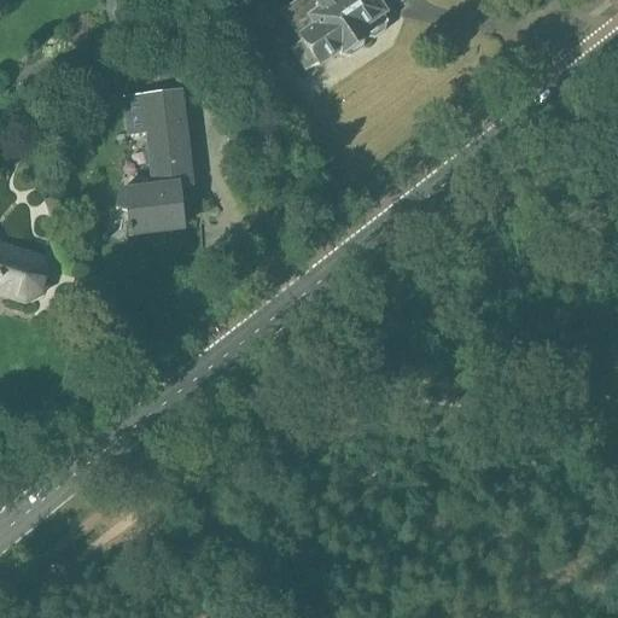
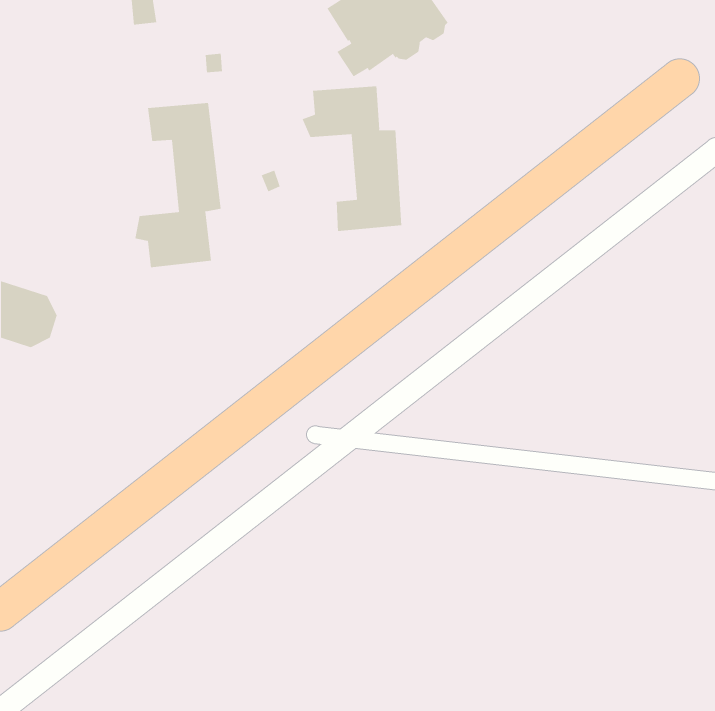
building: none -> [302,85,402,232]

